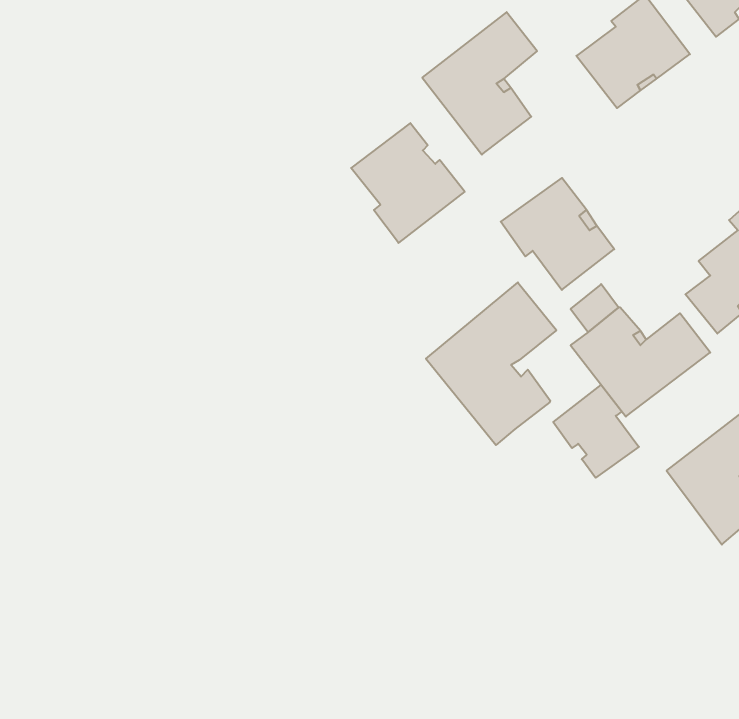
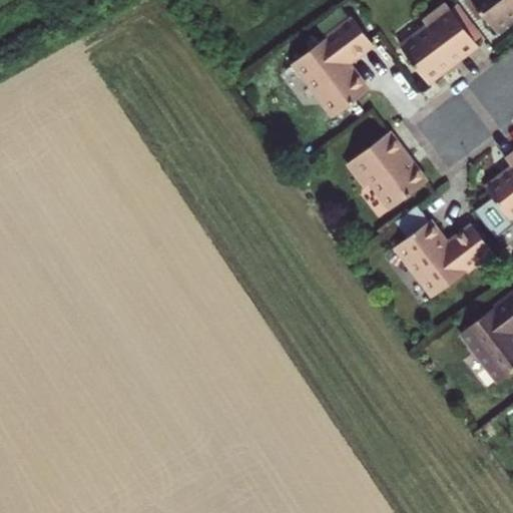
building: [351,123,465,243] -> none
building: [426,282,556,445] -> none
building: [553,385,639,478] -> none

